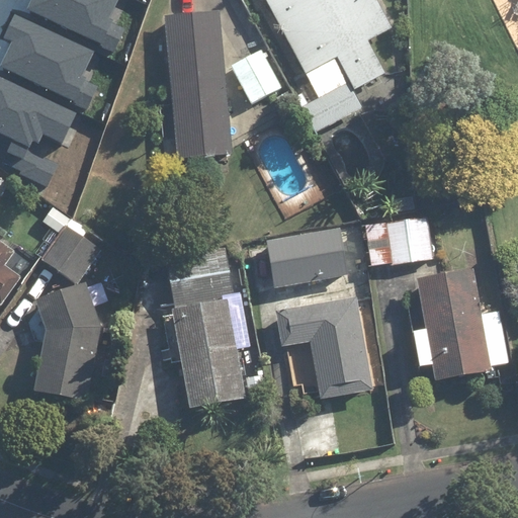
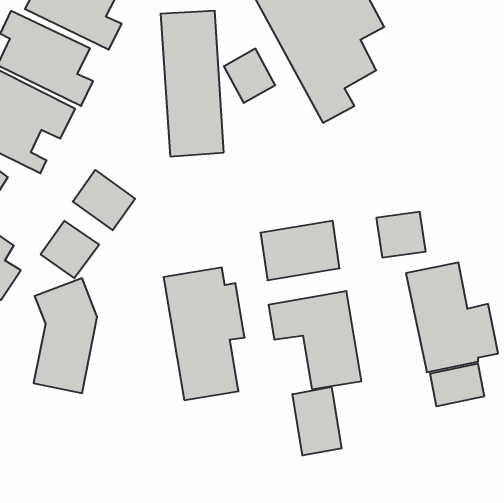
building: none -> [73,170,135,230]
building: none -> [430,363,484,406]
building: none -> [292,387,342,456]

